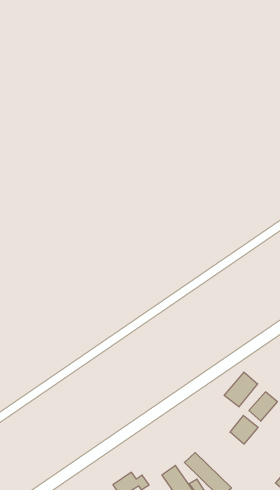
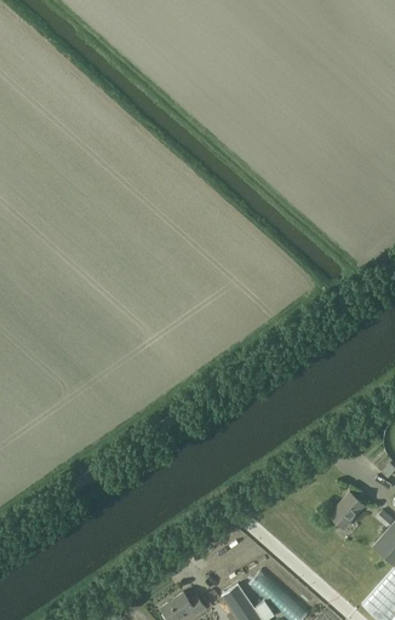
building: [224,372,258,407] -> none
building: [230,415,258,444] -> none

